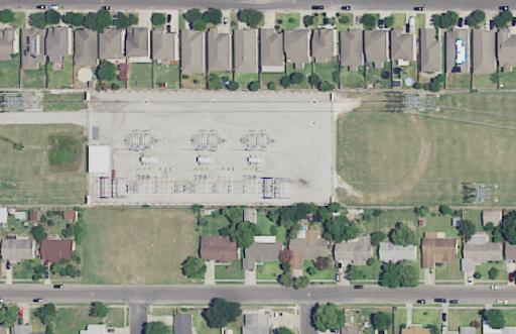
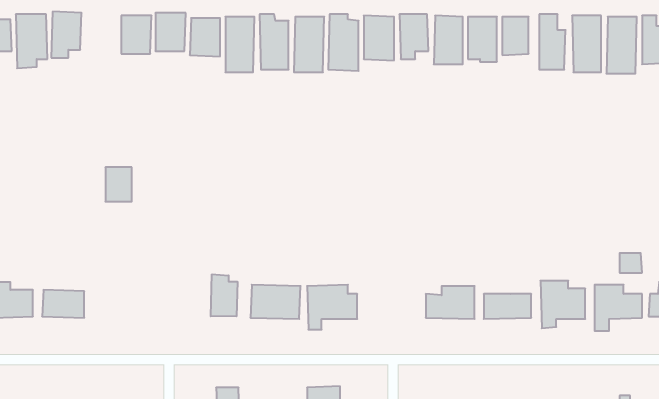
building: [75,28,98,66] -> none
building: [289,225,328,269] -> none
building: none -> [211,274,237,316]

